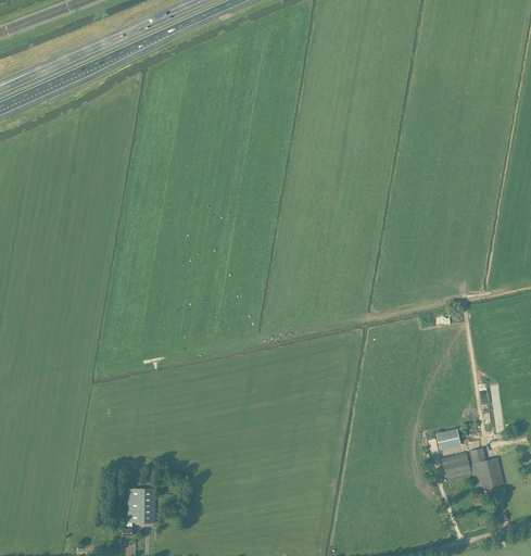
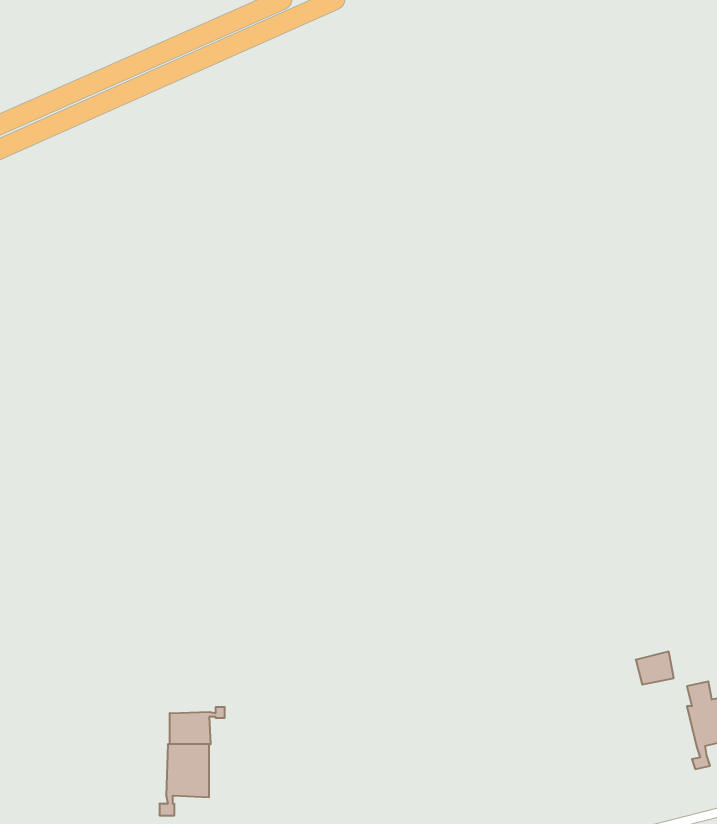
building: [441,453,471,481] -> none
building: none -> [170,707,225,744]

